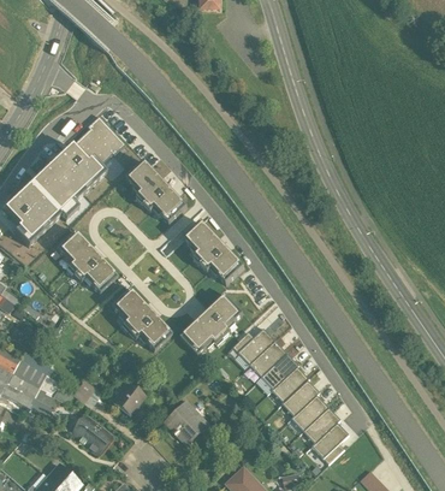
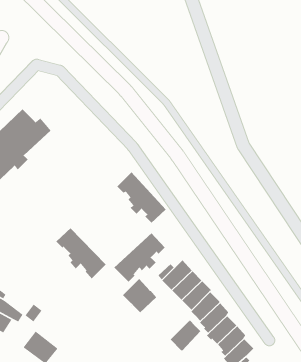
building: [70,116,124,165] -> none
building: [125,162,186,224] -> none
building: [55,231,117,294] -> none
building: [112,383,143,415] -> none
building: none -> [170,320,201,351]
building: [165,403,207,445] -> [122,278,157,313]

